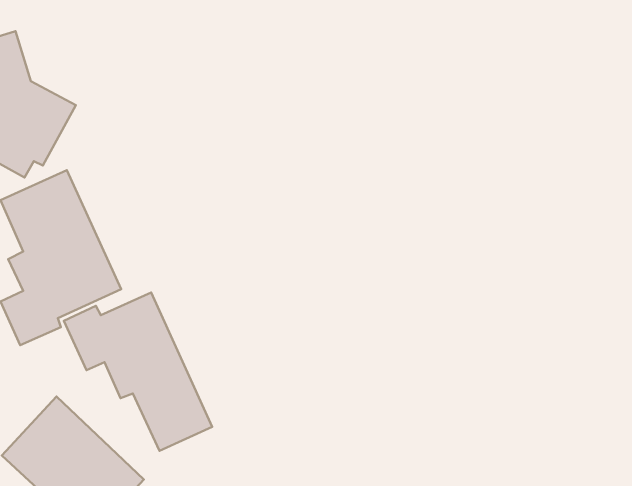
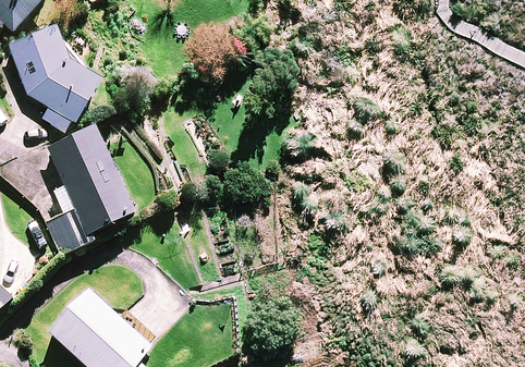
building: [64,292,212,451] -> none

